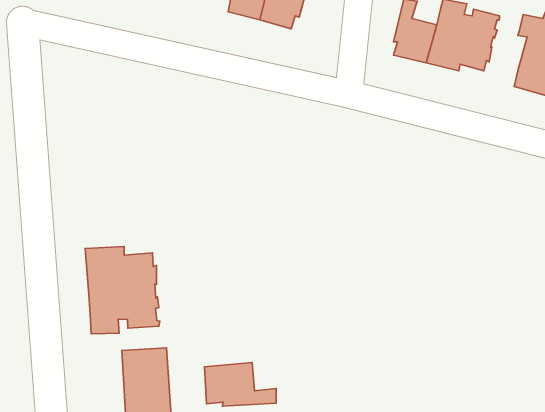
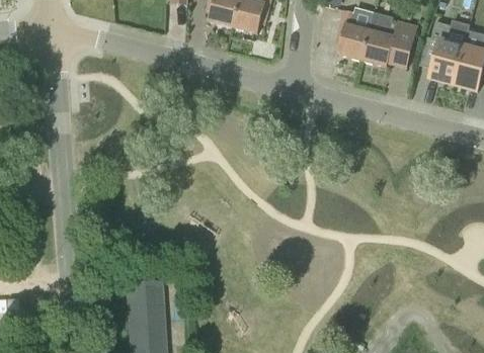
building: [85,247,160,334] -> none
building: [205,363,276,406] -> none

